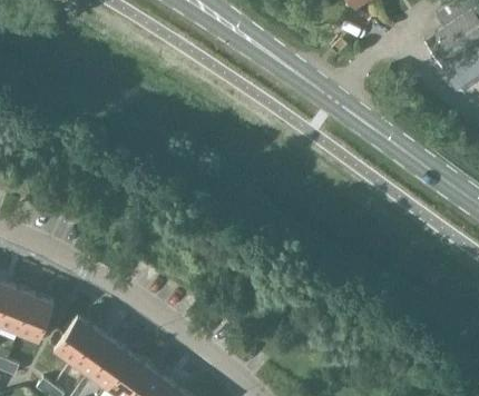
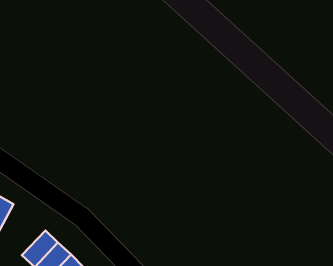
building: [53,316,96,363] -> none

